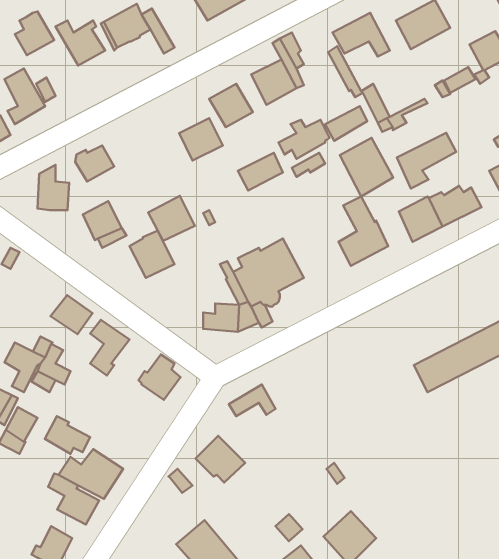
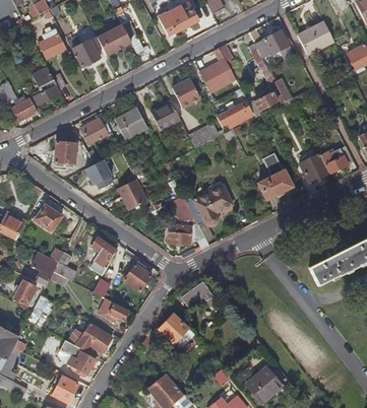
building: [397,133,456,189] -> none
building: [340,138,393,197] -> none
building: [148,196,195,241] -> [116,109,147,139]
building: [50,295,93,334] -> [35,203,63,229]
building: [45,416,90,454] -> [100,298,130,324]

